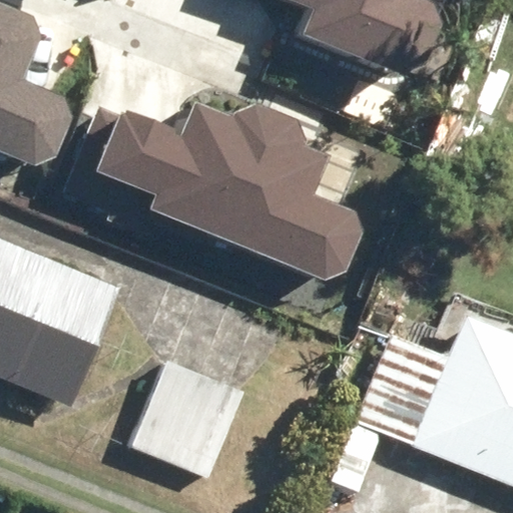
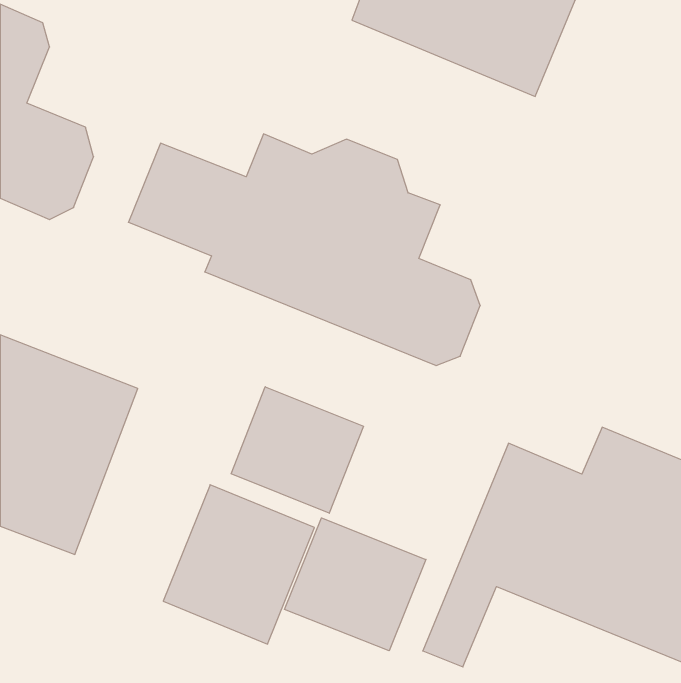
building: none -> [231,387,364,513]
building: none -> [285,518,426,651]

